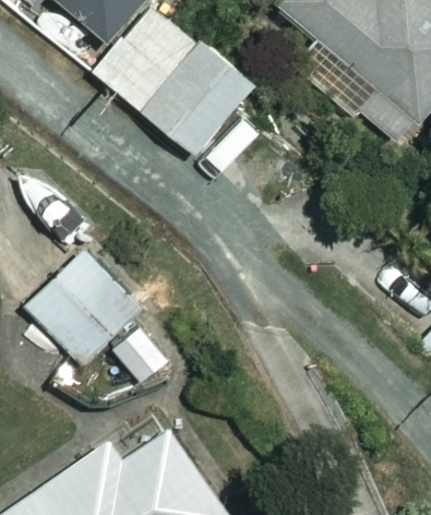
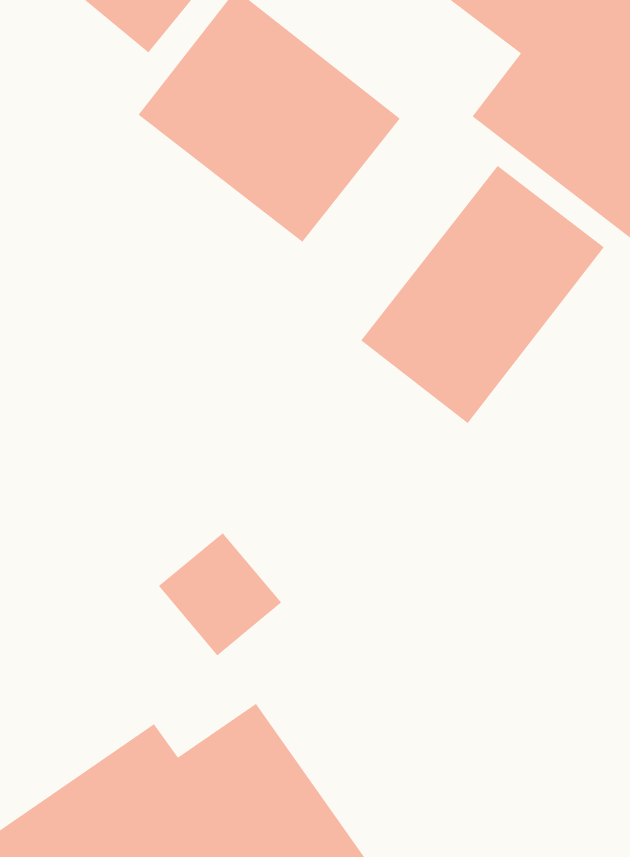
building: none -> [360,165,605,424]
building: [25,247,145,367] -> none

